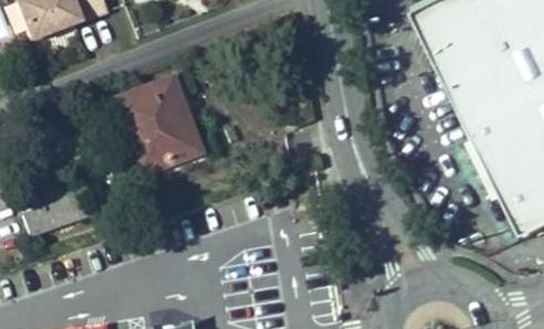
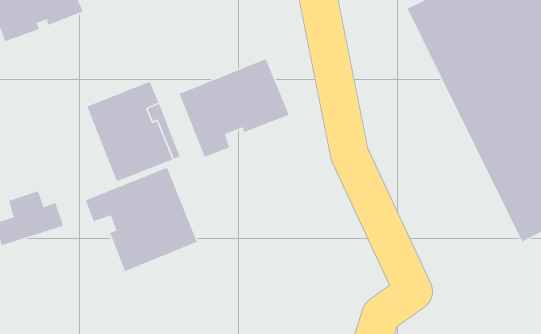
building: none -> [178,58,290,158]
building: none -> [85,167,198,272]

